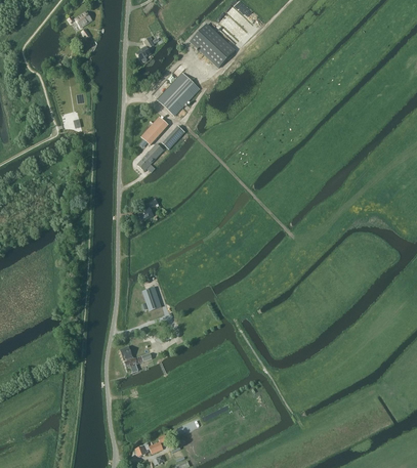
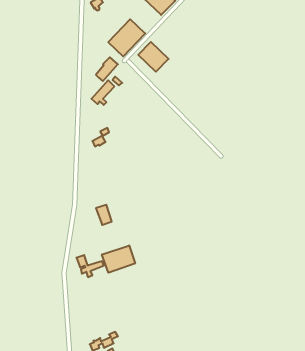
building: none -> [138,42,169,72]
building: none -> [102,245,135,273]

